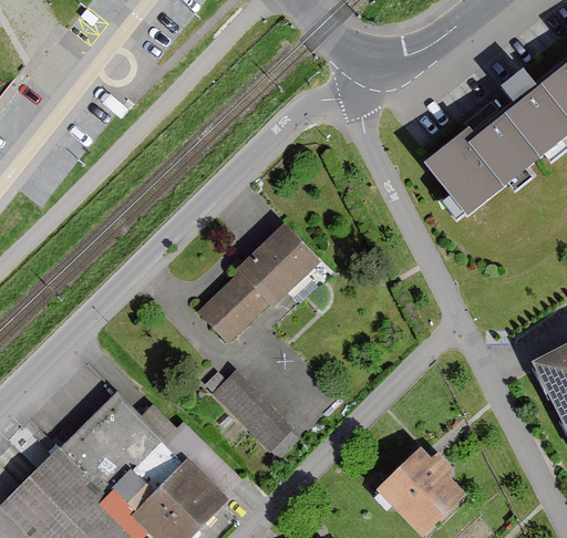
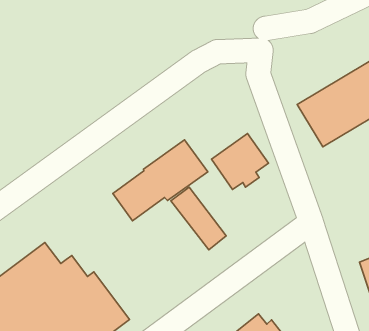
building: none -> [212,134,269,190]
building: [212,375,293,456] -> [171,187,226,250]

